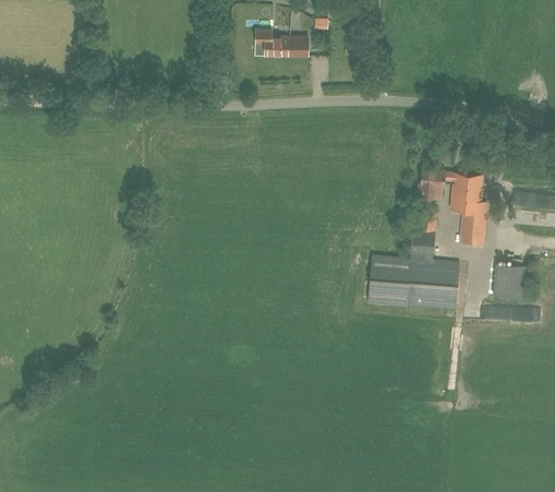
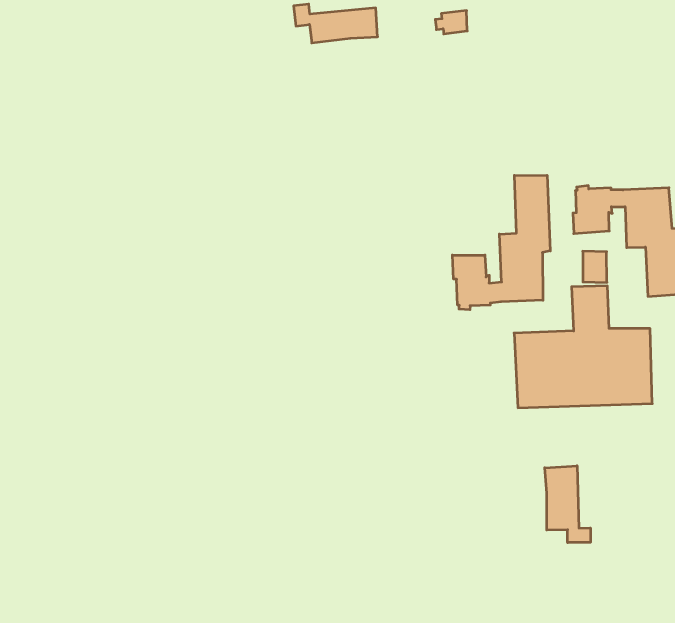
building: none -> [452,175,550,310]
building: none -> [545,466,590,543]

